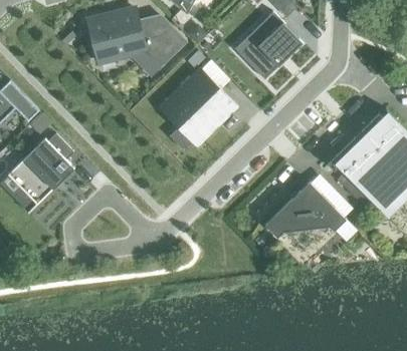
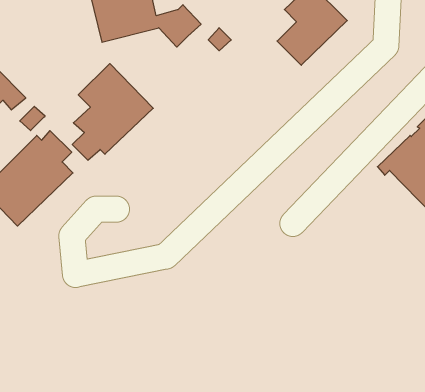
building: [169,69,236,149] -> [72,64,153,160]
building: [264,182,346,237] -> none

